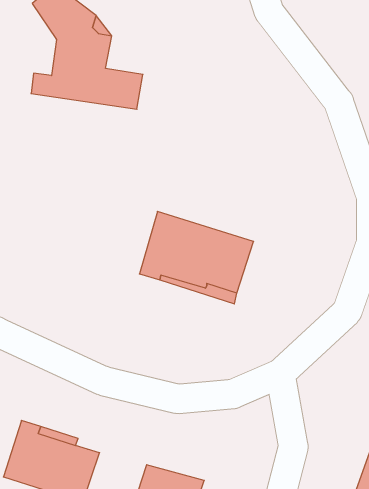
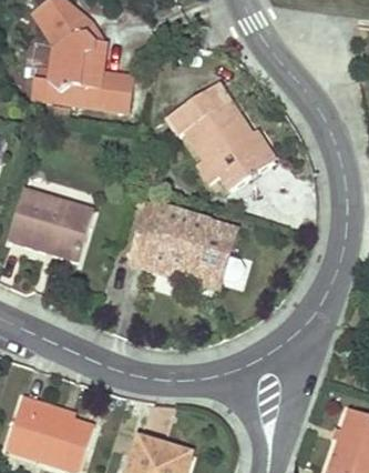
building: none -> [168,85,276,190]
building: none -> [9,191,93,262]

